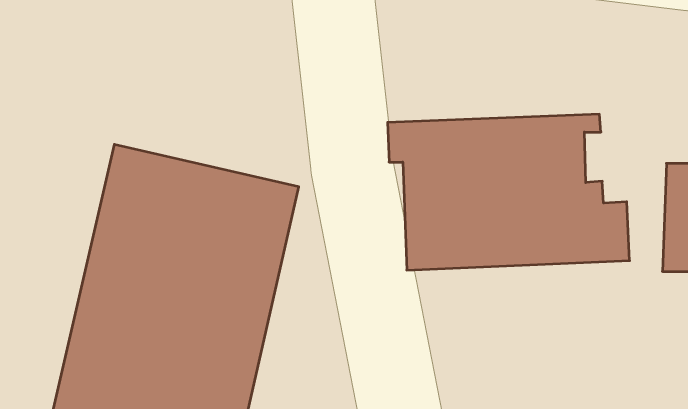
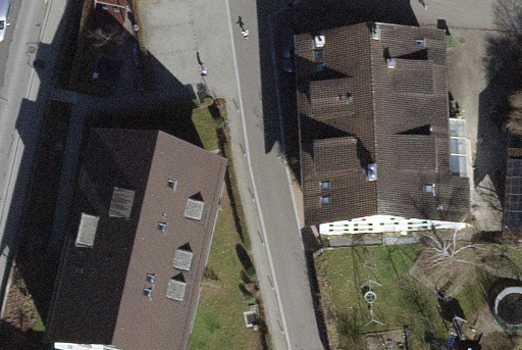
building: none -> [295,31,454,117]

